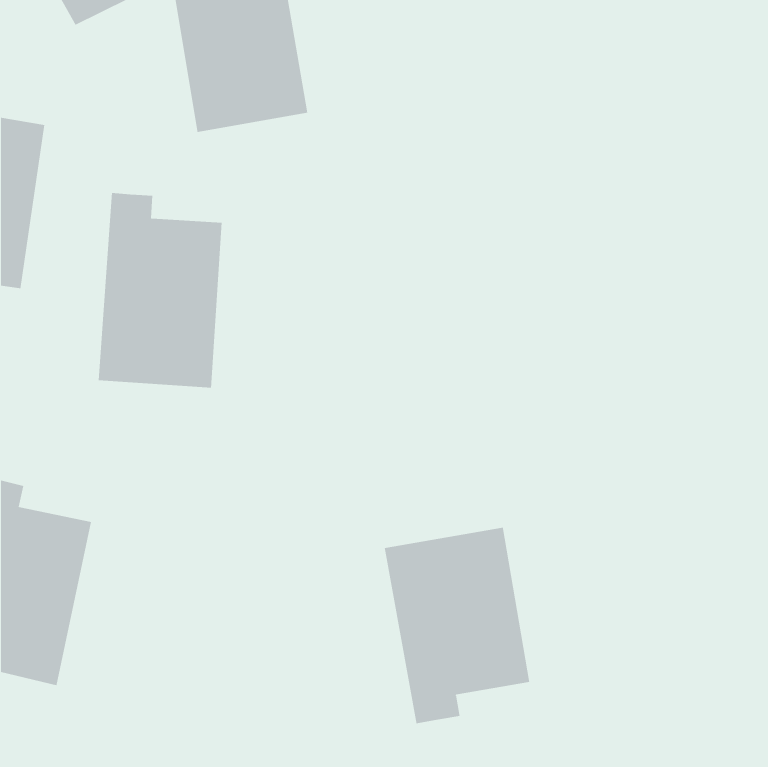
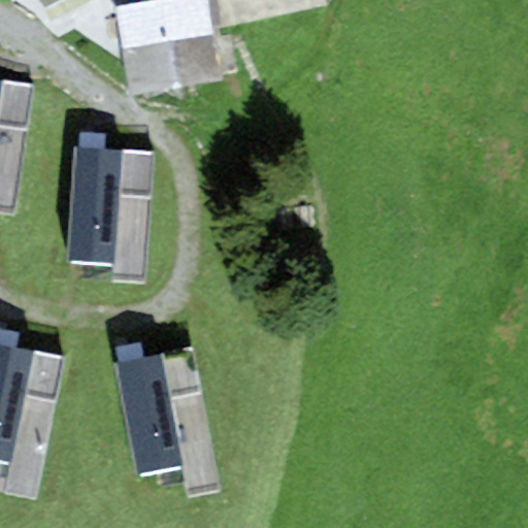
building: none -> [112,342,212,474]
building: [384,527,530,724] -> none

